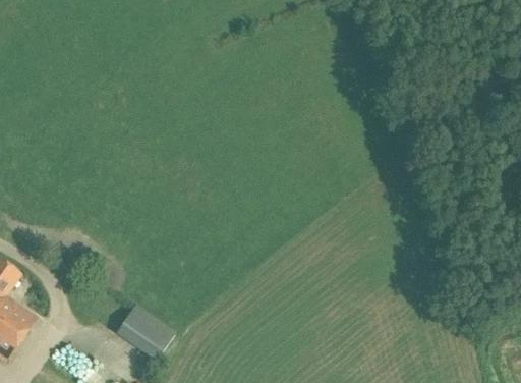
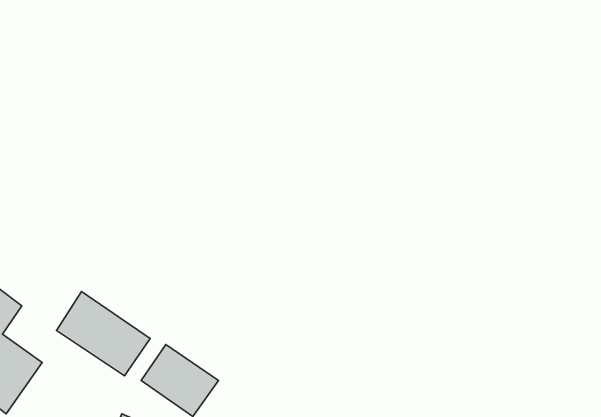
building: none -> [57,292,150,376]

